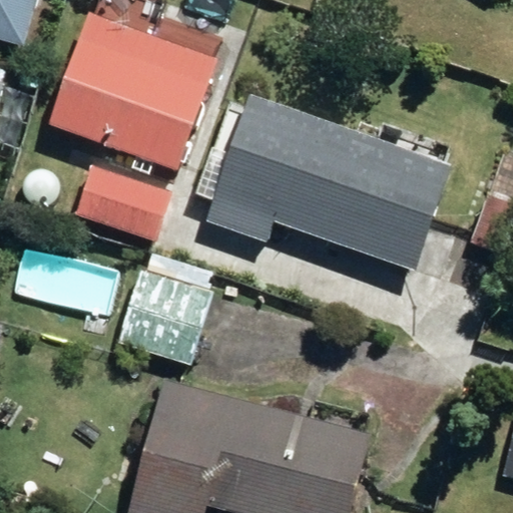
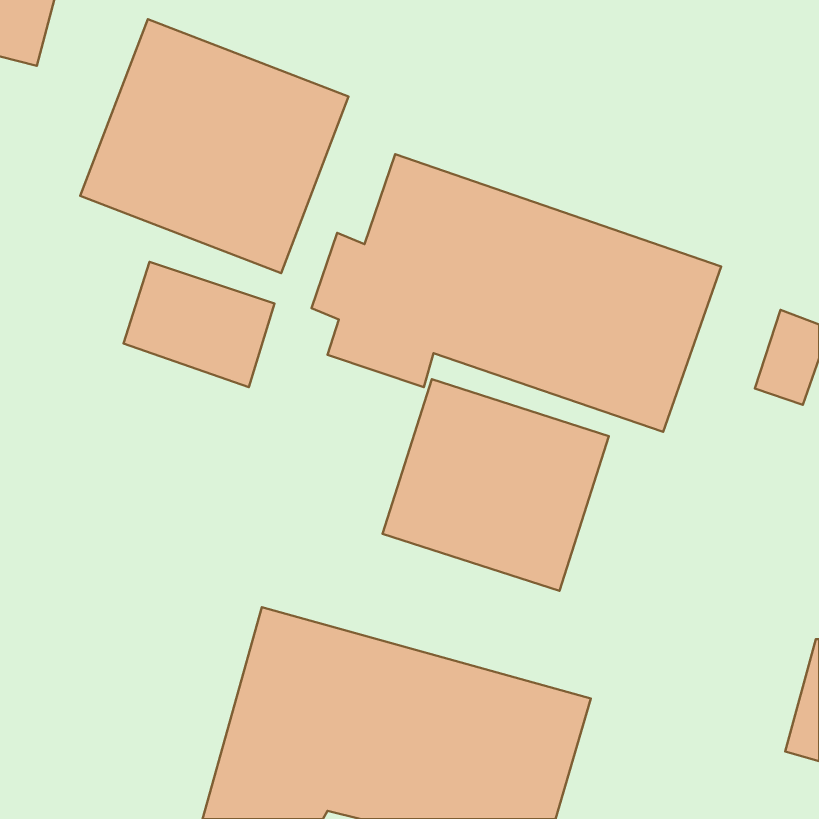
building: none -> [382,379,609,591]
building: [120,258,215,365] -> none

